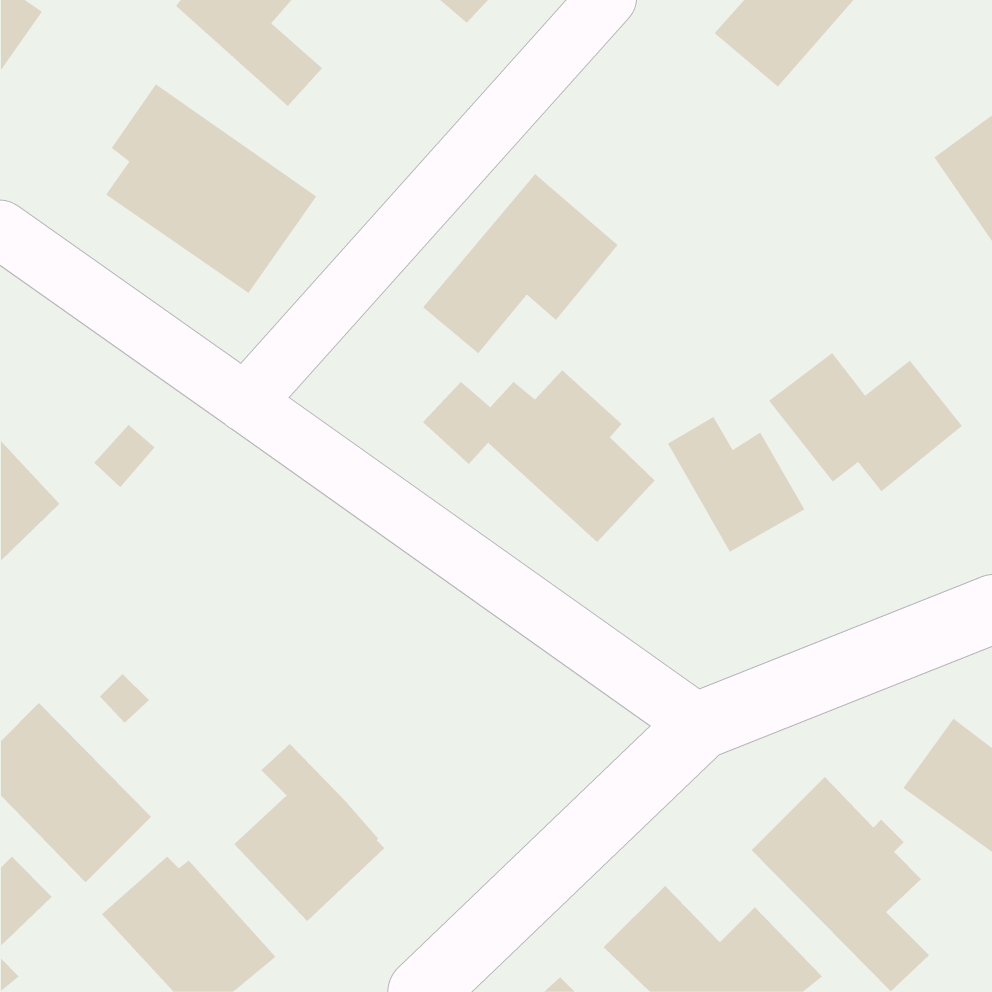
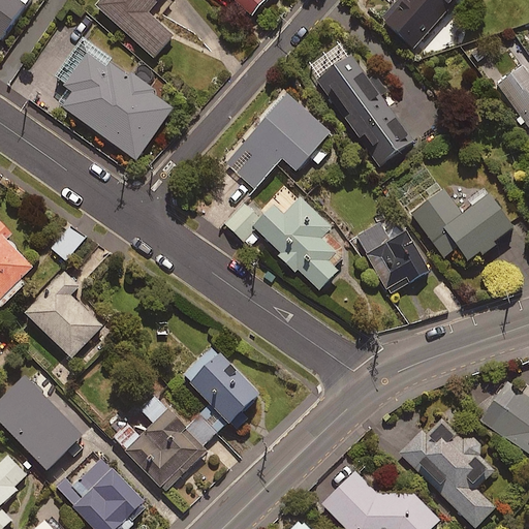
building: none -> [310,44,411,166]
building: none -> [24,273,116,370]
building: none -> [185,350,257,445]

